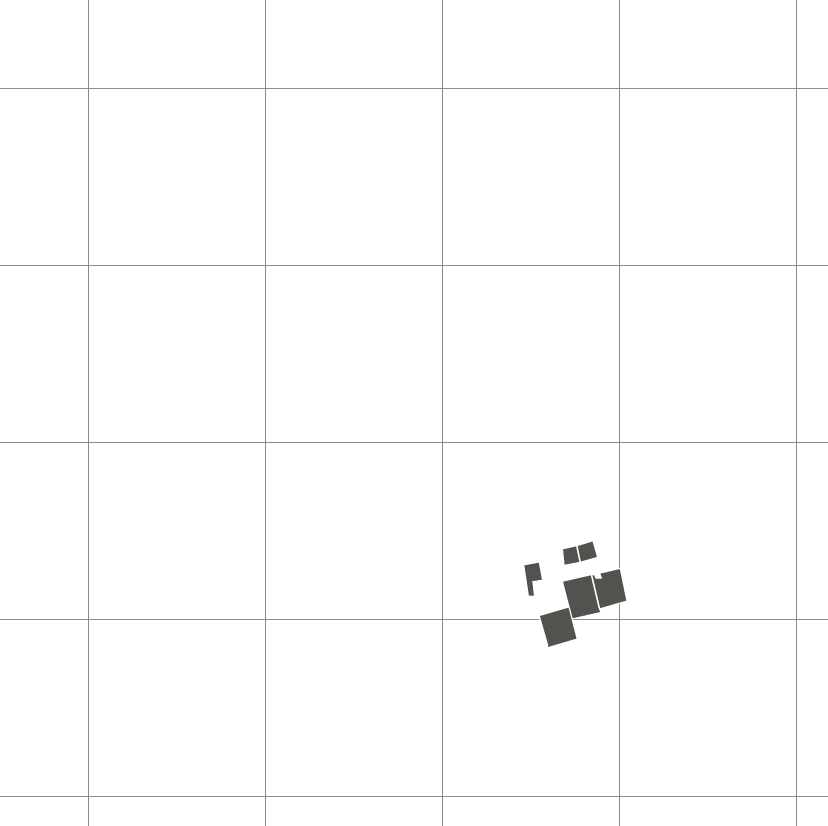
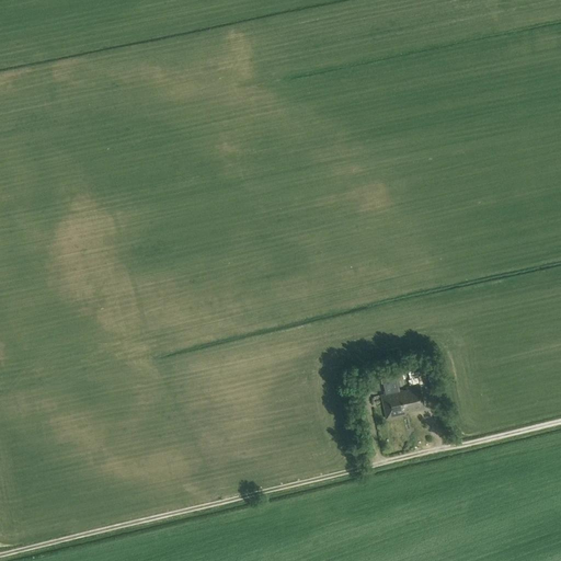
building: [539,607,577,648] -> none

